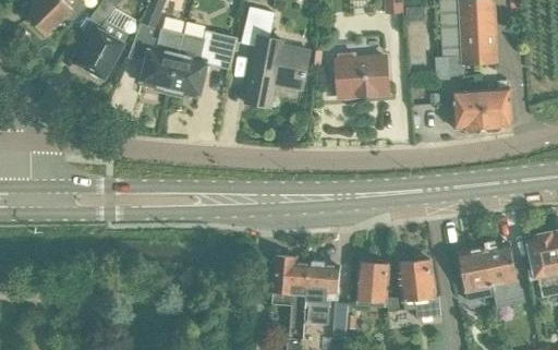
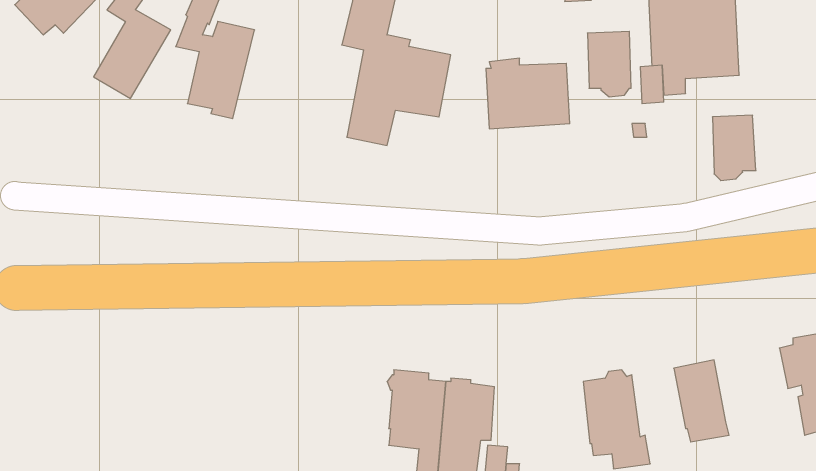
building: [169,29,236,94] -> none
building: [453,89,482,132] -> [587,31,631,97]
building: [482,243,524,307] -> none
building: [355,258,389,307] -> none

